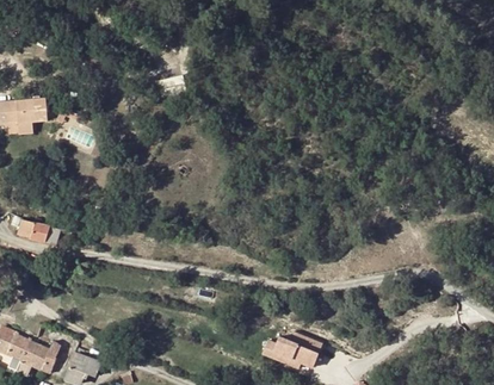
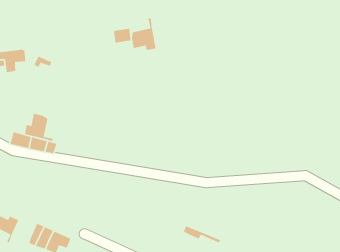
building: none -> [131,17,156,51]
building: none -> [24,113,53,142]
building: [255,334,311,365] -> none
building: [14,337,49,375] -> none

